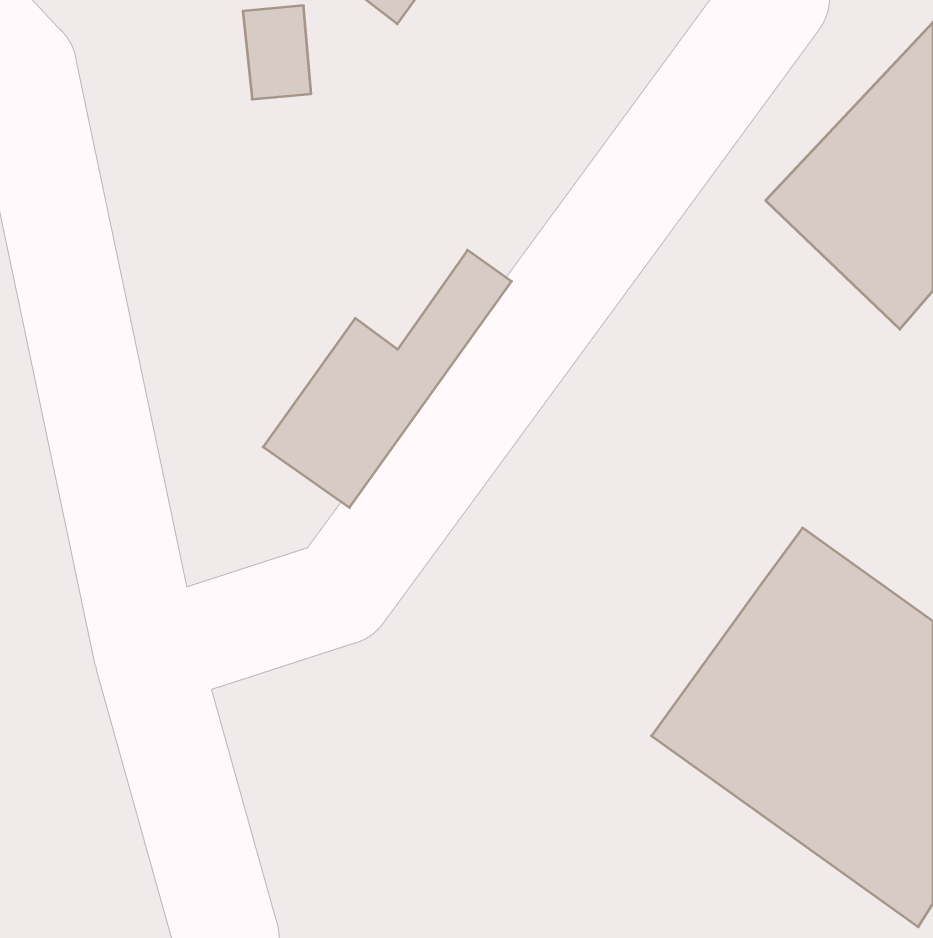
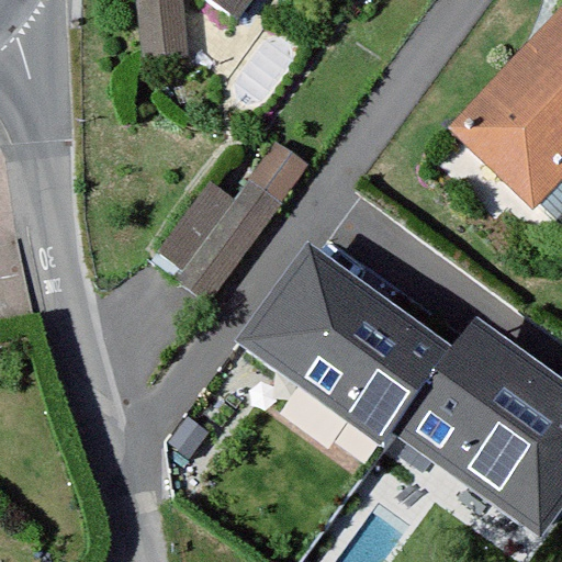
building: none -> [238,241,454,448]

